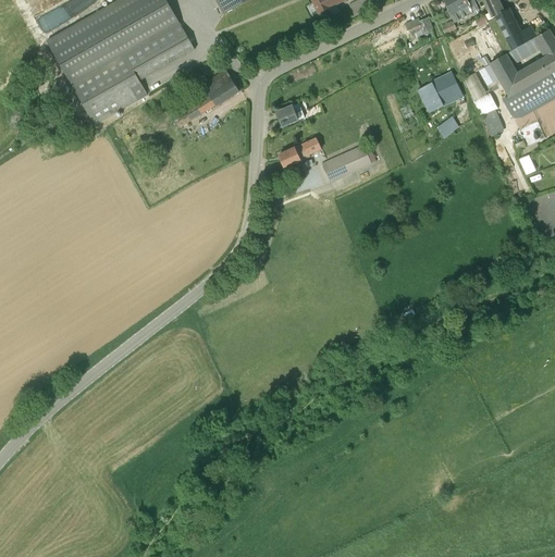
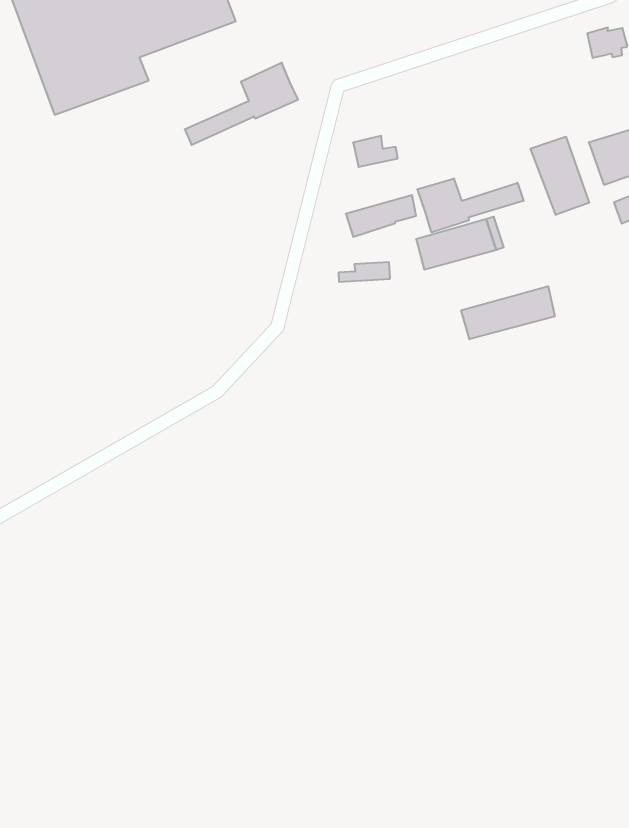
building: none -> [530,137,589,215]
building: none -> [417,178,523,232]
building: none -> [461,286,555,339]

